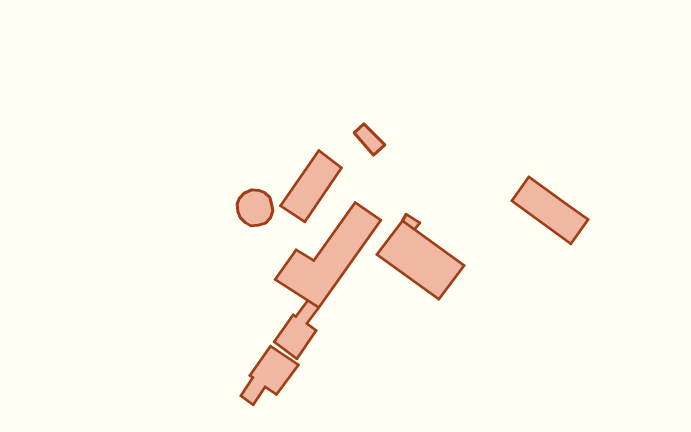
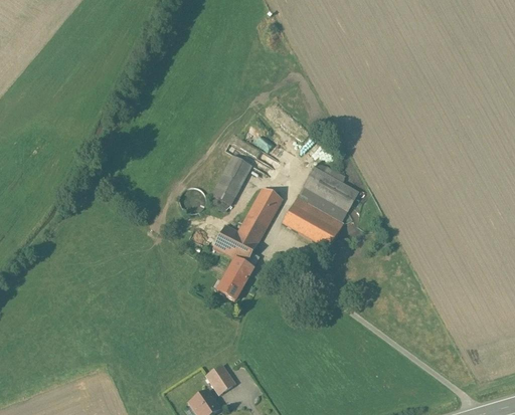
building: [512,177,588,244] -> [303,167,357,210]
building: [241,346,299,405] -> none

